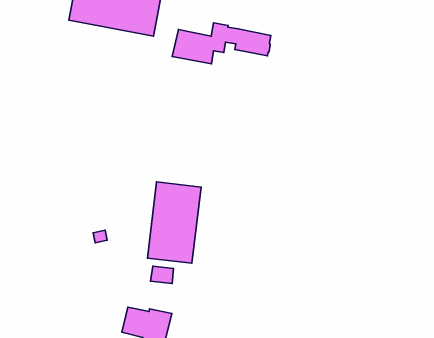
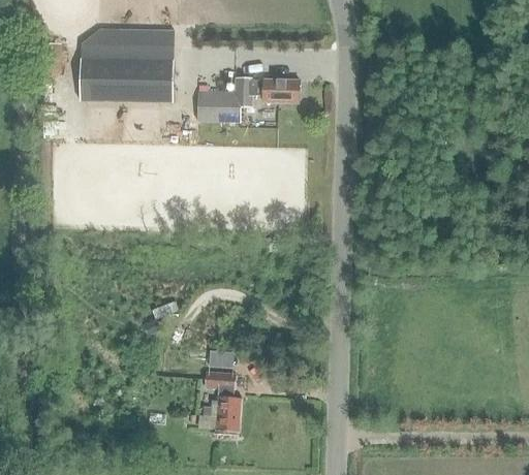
building: [147,182,201,263] -> none
building: none -> [212,368,237,392]

